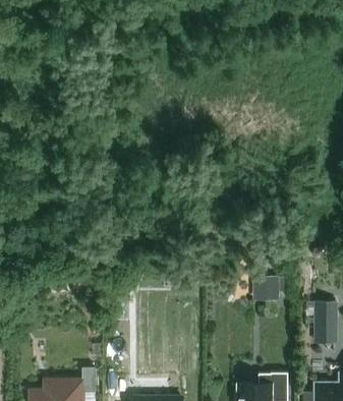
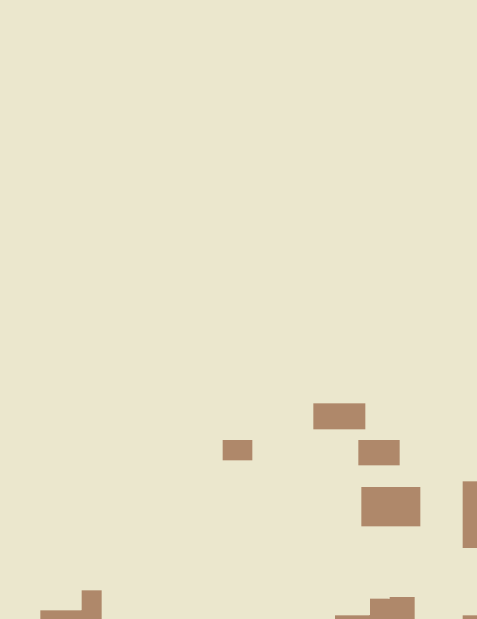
building: none -> [313,403,366,430]
building: none -> [361,486,421,527]

